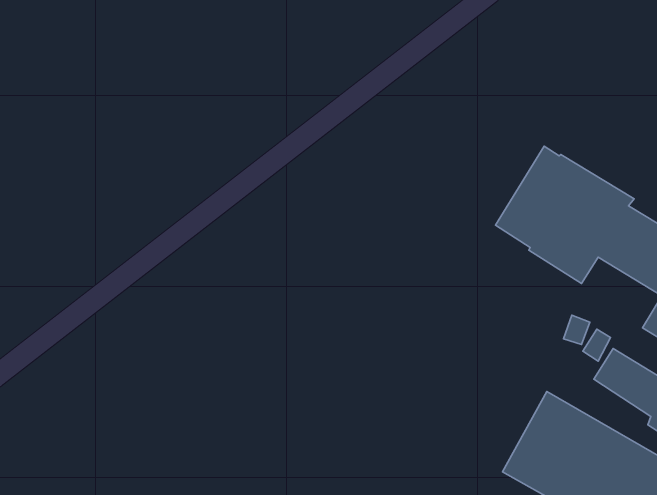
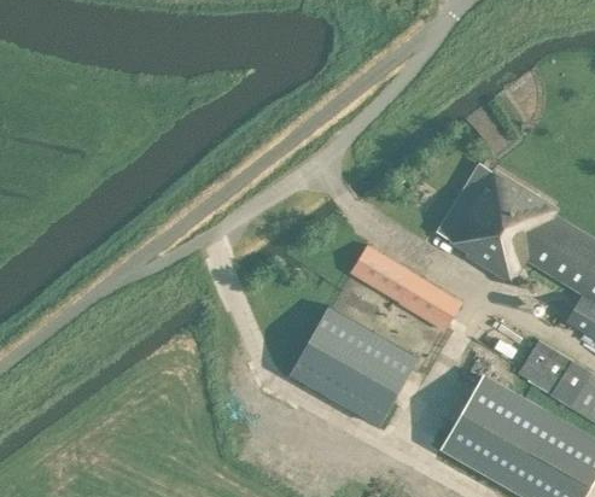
building: none -> [350,247,461,332]
building: none -> [290,308,418,426]

